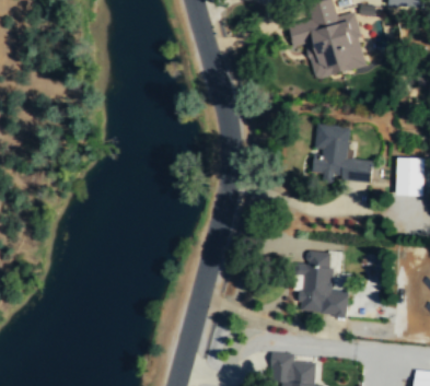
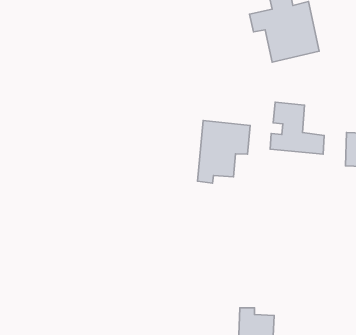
building: none -> [198,120,250,183]
building: [300,250,348,316] -> none

